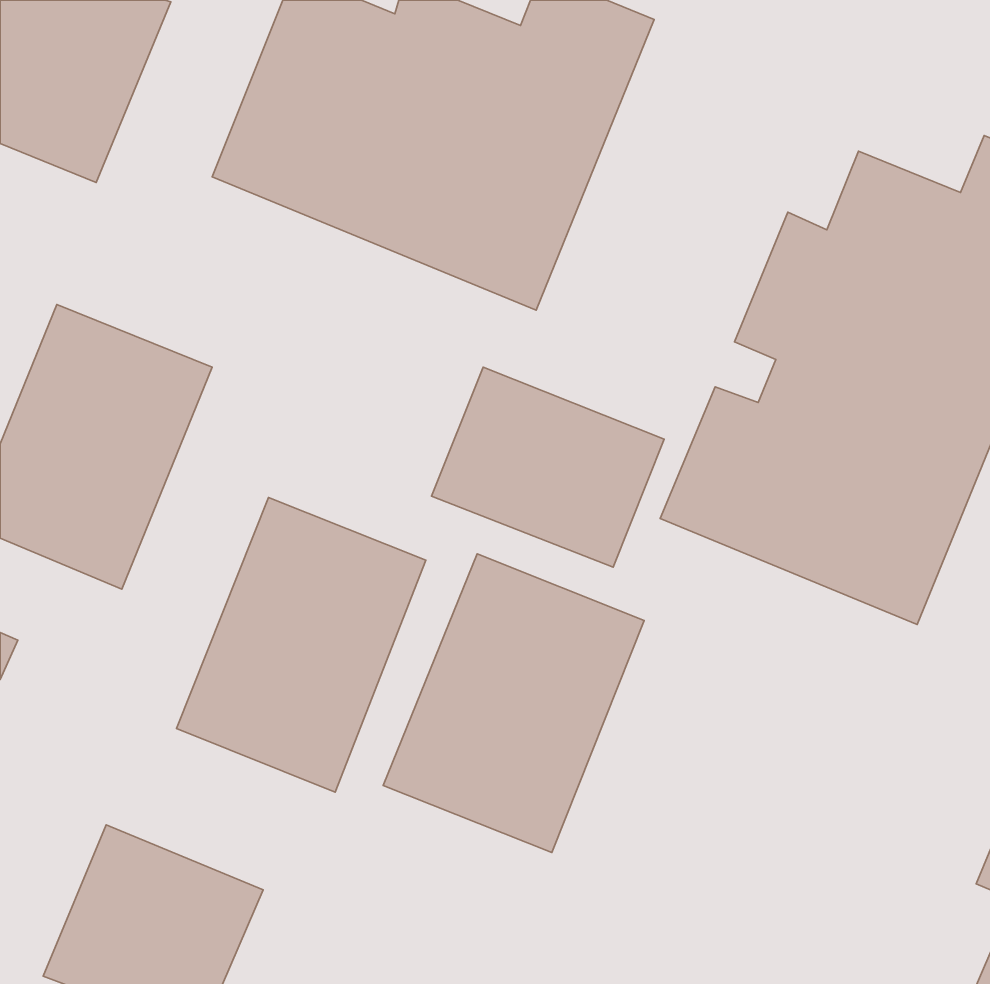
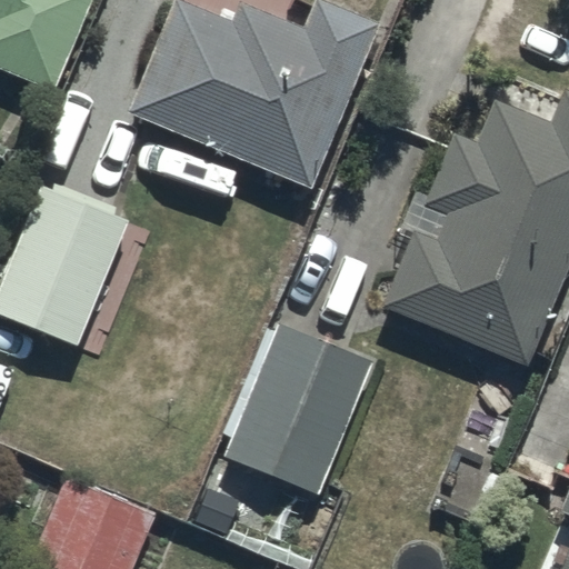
building: [431,367,664,567] -> none
building: [176,498,426,792] -> none

